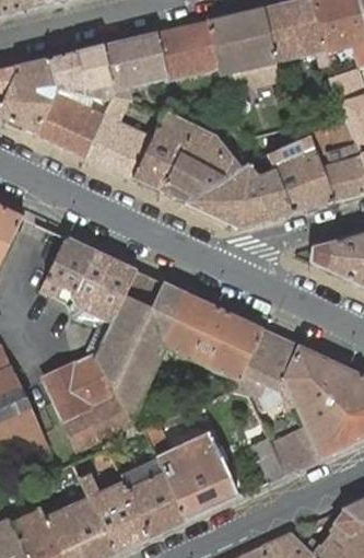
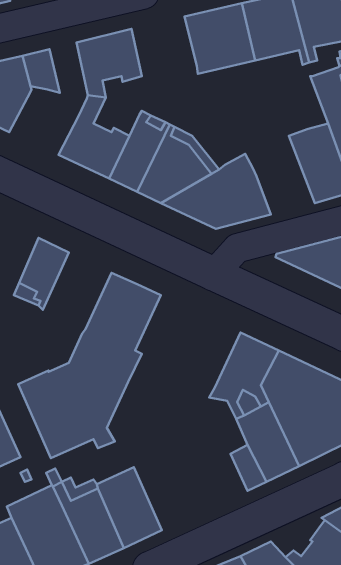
building: [155,20,219,80] -> none
building: [75,45,113,100] -> none
building: [36,93,104,154] -> none
building: [266,136,333,212] -> none
building: [69,249,136,324] -> none
building: [158,291,261,381] -> none
building: [144,425,237,520] -> none

